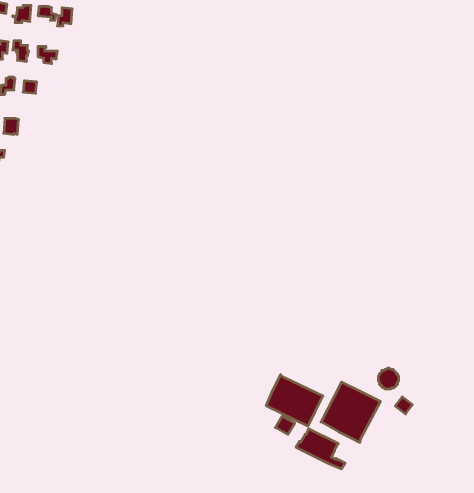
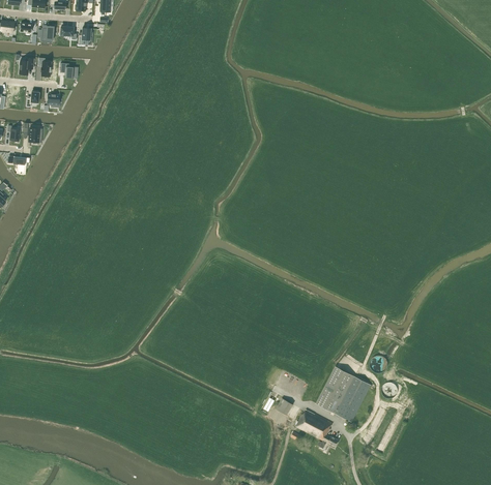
building: [266,375,323,426] -> none

